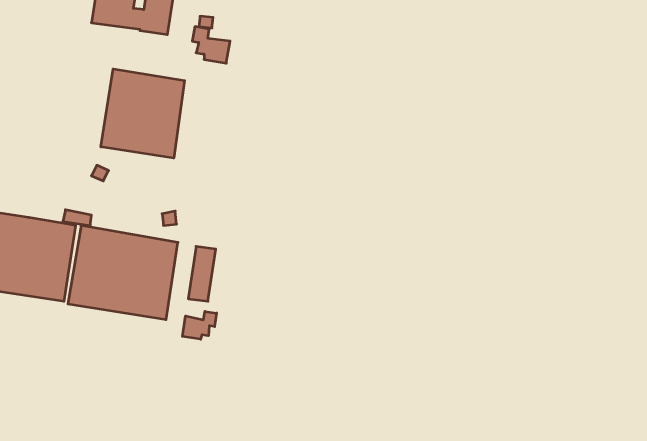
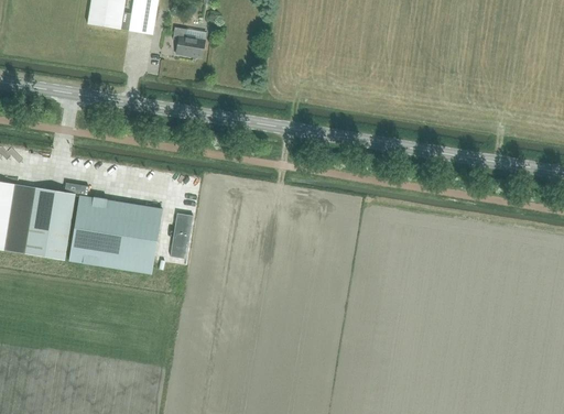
building: [101,69,185,158] -> none
building: [182,311,217,339] -> none

